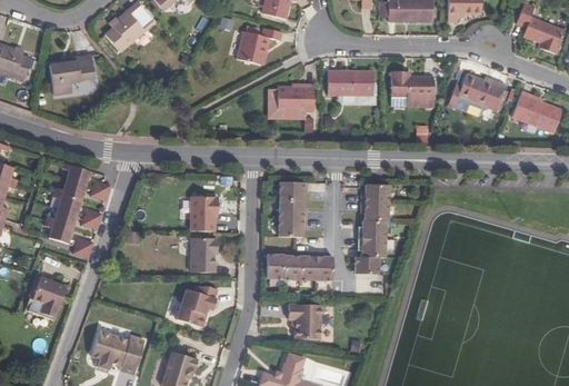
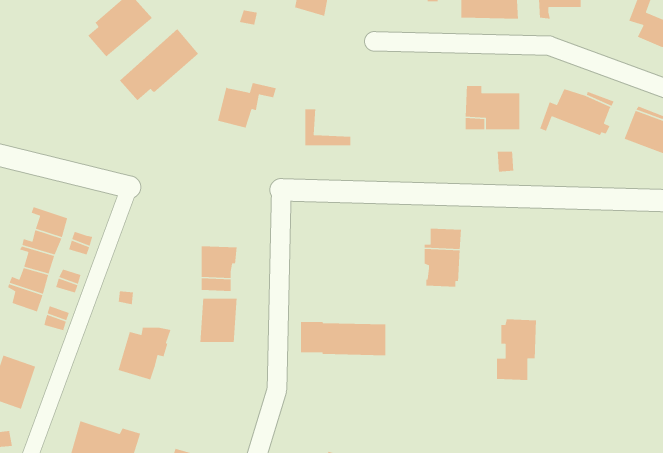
building: none -> [119,28,199,101]
building: [238,29,283,65] -> [217,82,277,129]
building: [52,53,96,93] -> none
building: [328,71,375,97] -> none
building: [278,85,315,111] -> none
building: [279,179,308,236] -> none
building: [355,226,386,274] -> [496,318,537,381]
building: [177,285,218,326] -> [117,327,171,381]
building: [288,303,320,338] -> none

